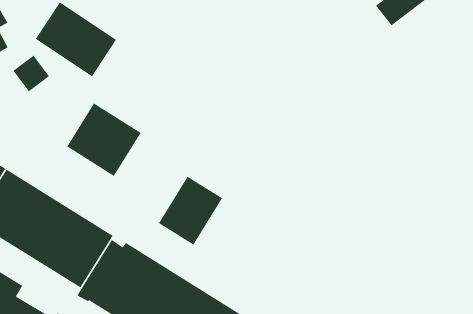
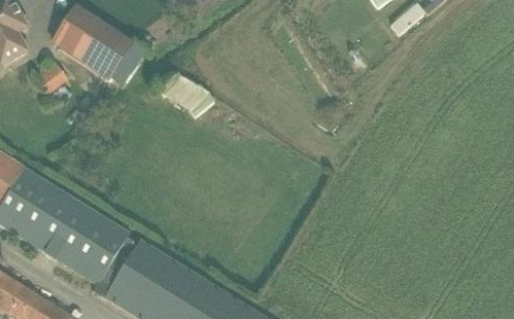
building: [66,102,142,177] -> none
building: [158,176,223,246] -> none

